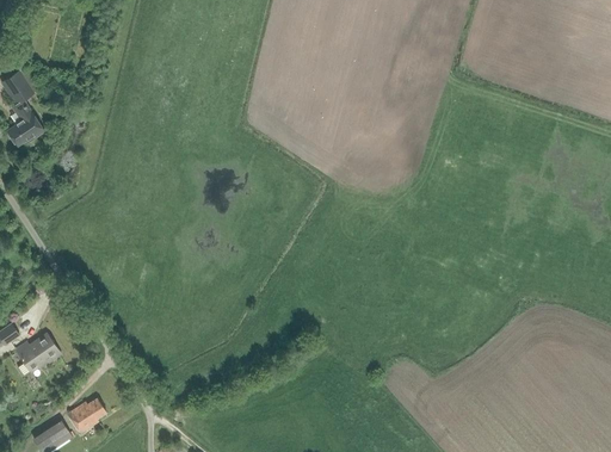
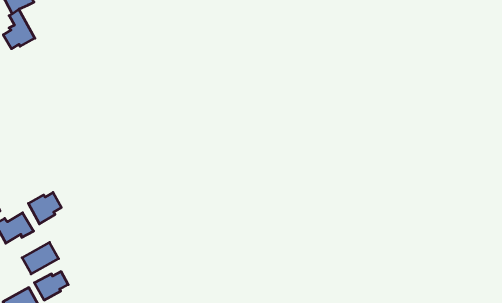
building: none -> [28,192,61,224]
building: none -> [22,242,59,274]

